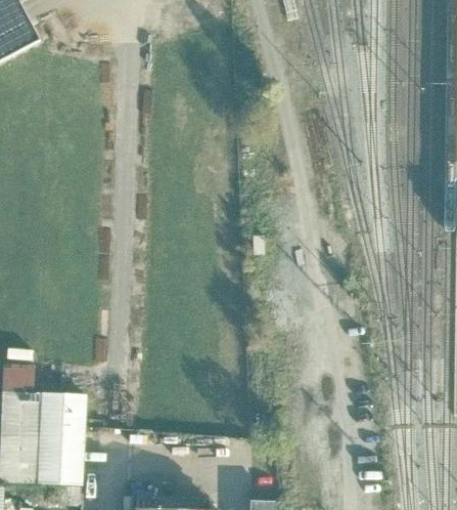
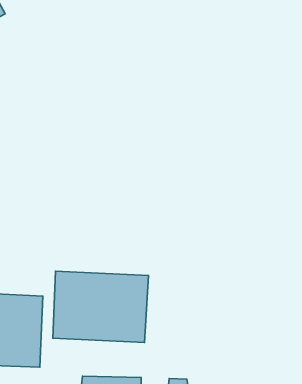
building: none -> [53,271,148,342]

